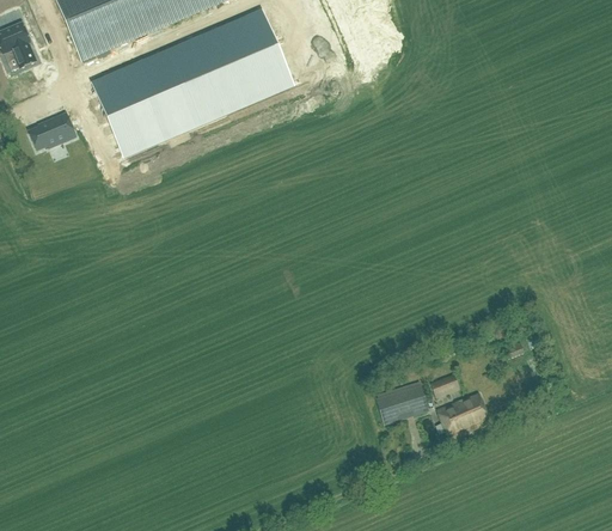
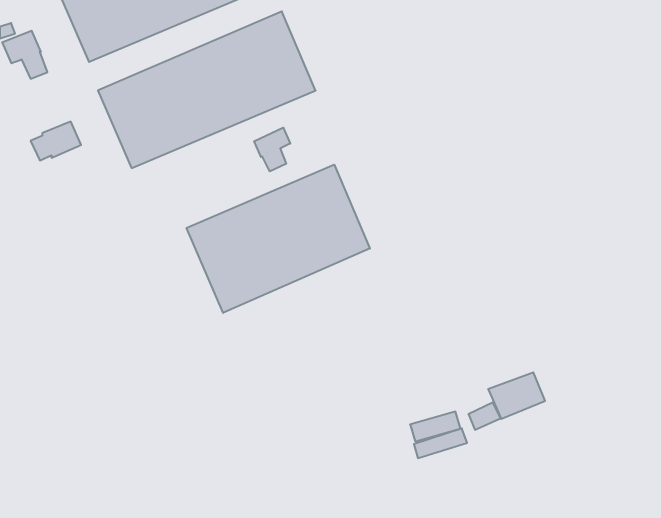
building: none -> [254,128,290,171]
building: none -> [187,165,370,313]
building: [437,395,490,438] -> [488,372,545,419]

